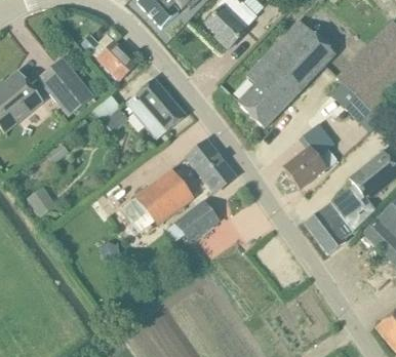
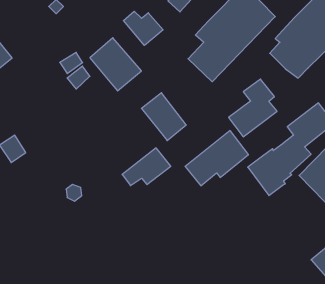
building: [96,40,136,80] -> none
building: none -> [123,11,163,45]
building: [37,57,92,116] -> none
building: [120,169,191,231] -> [185,131,248,186]

